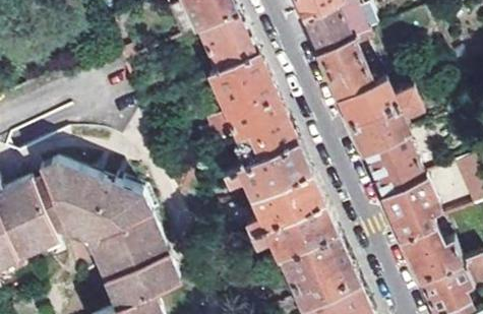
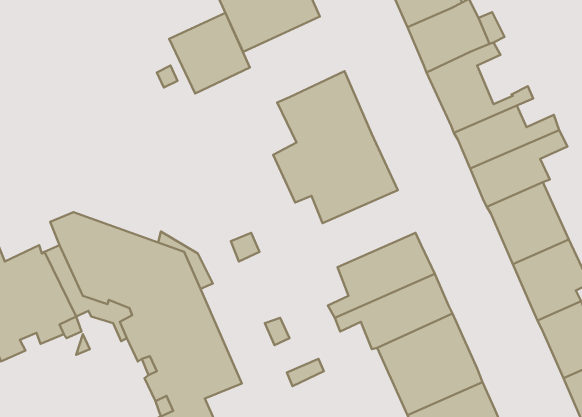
building: [197,13,257,73] -> [169,13,250,94]
building: [222,142,310,199] -> none

